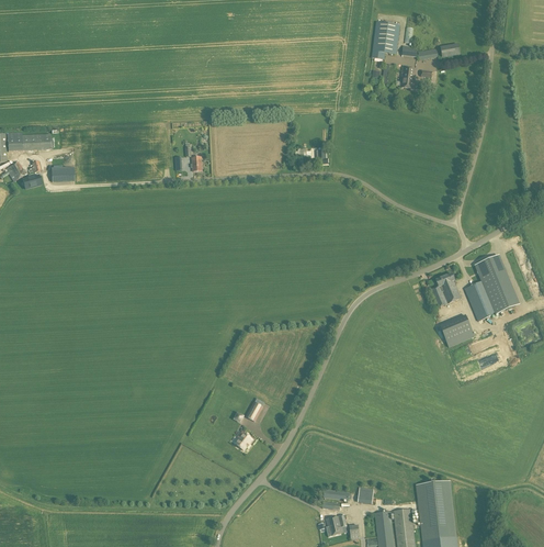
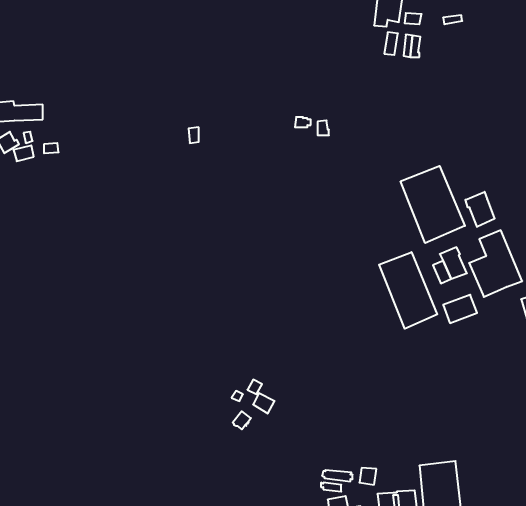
building: none -> [401,166,465,243]
building: none -> [465,192,495,227]
building: none -> [379,252,437,329]

